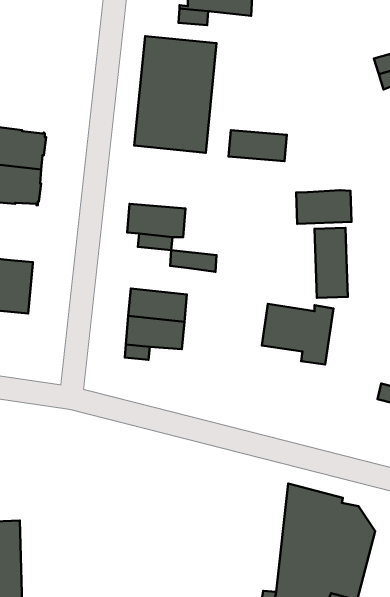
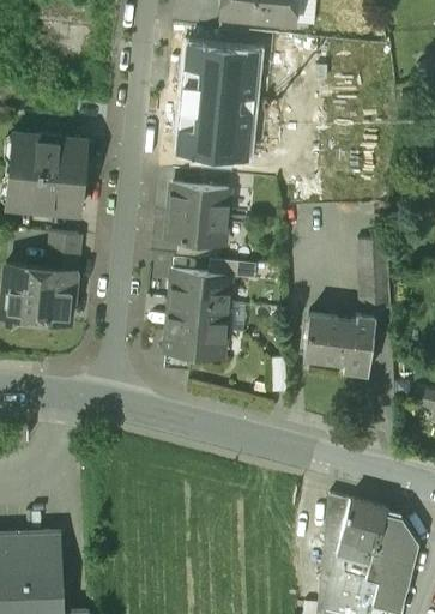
building: [228,130,287,161] -> [171,186,230,217]
building: [296,190,352,224] -> none
building: none -> [48,233,80,272]
building: none -> [173,271,231,303]

